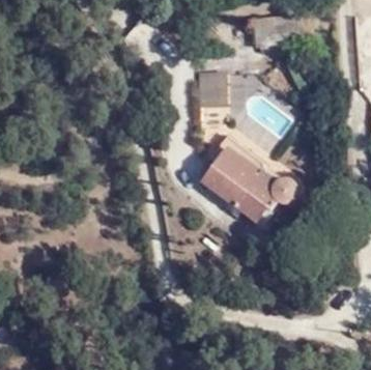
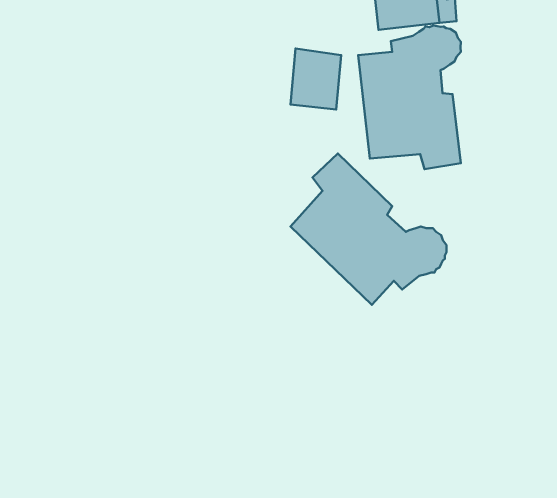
building: none -> [358,25,461,169]

